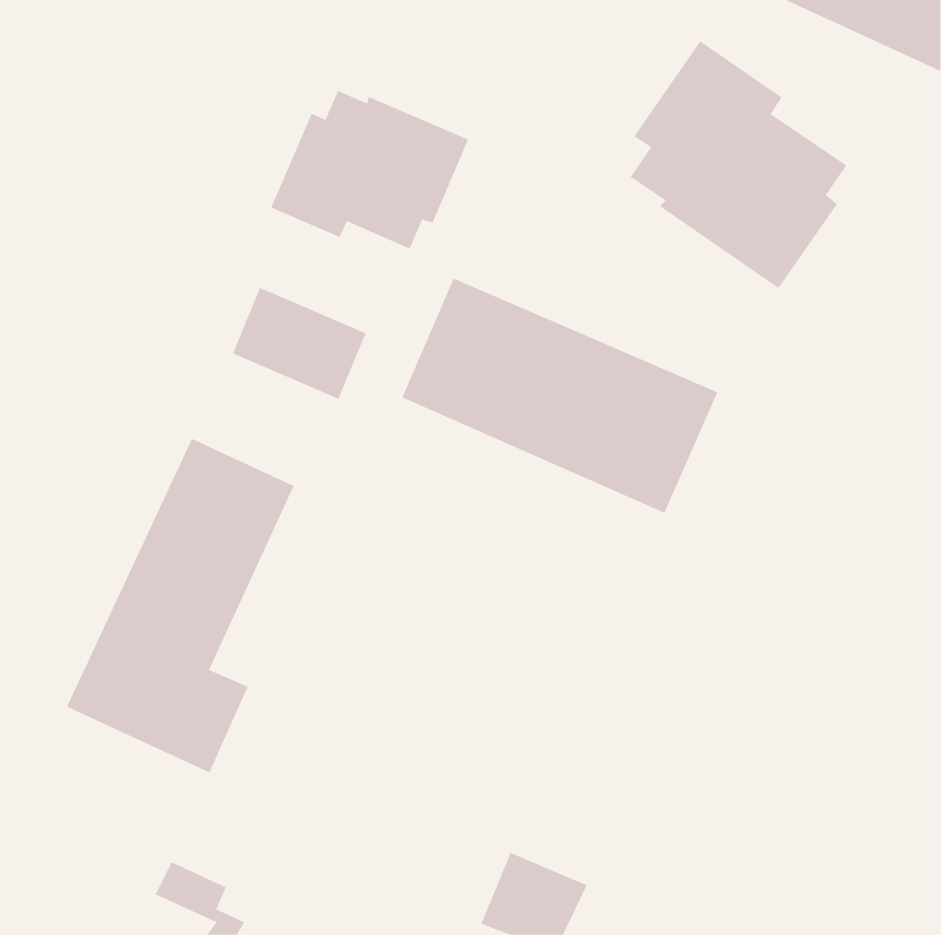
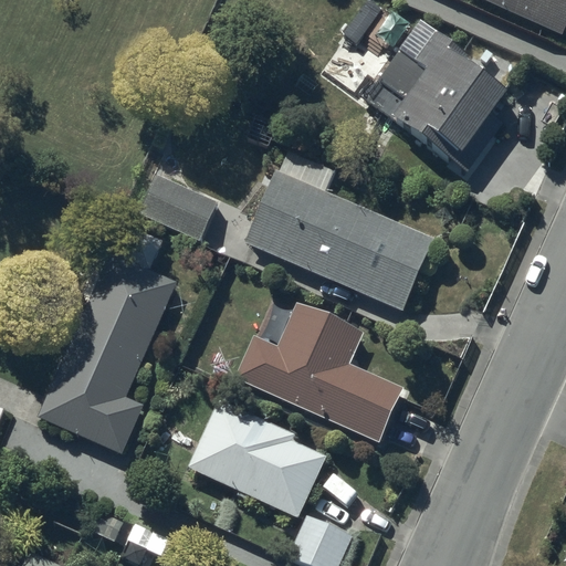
building: [271,90,469,249] -> none
building: none -> [235,300,408,442]
building: none -> [185,392,324,515]

